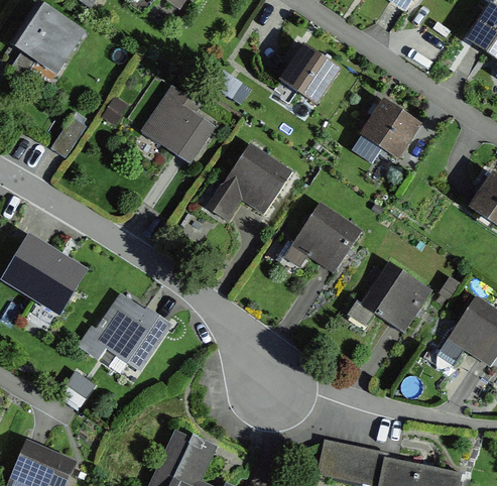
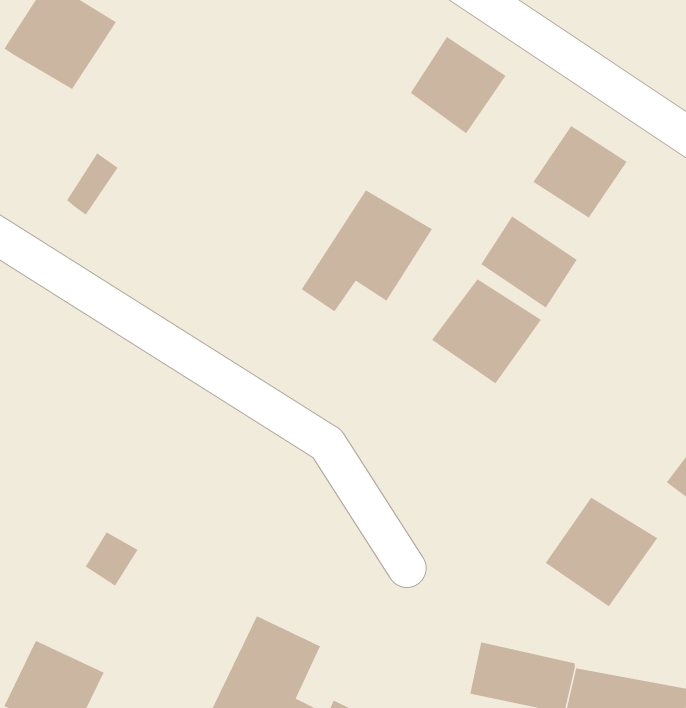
building: [142,87,215,166] -> none
building: none -> [481,216,577,309]
building: [13,241,83,308] -> none
building: [360,261,434,334] -> [545,497,658,607]
building: [78,292,172,383] -> none

